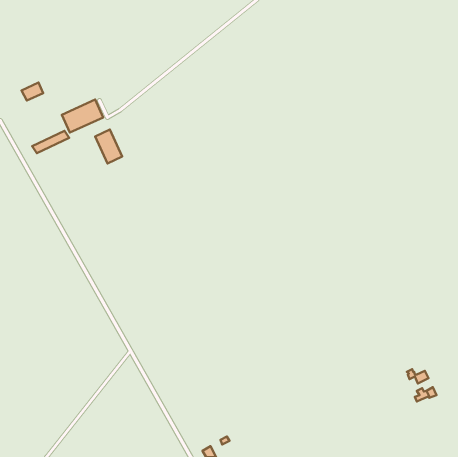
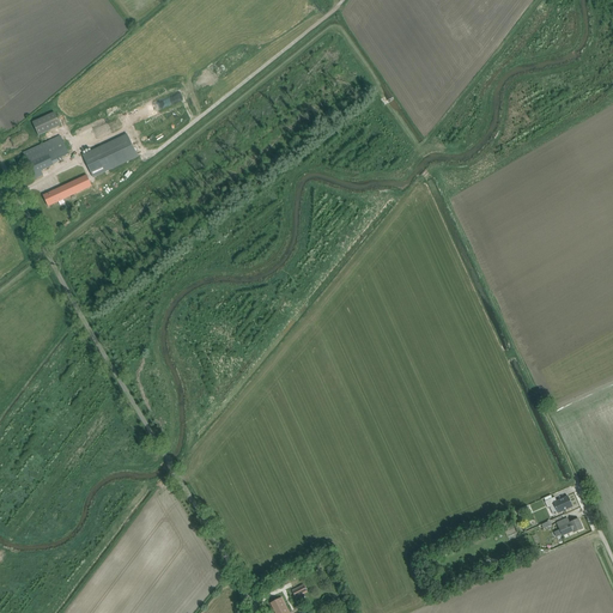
building: none -> [24,135,69,177]
building: [95,130,122,163] -> none

